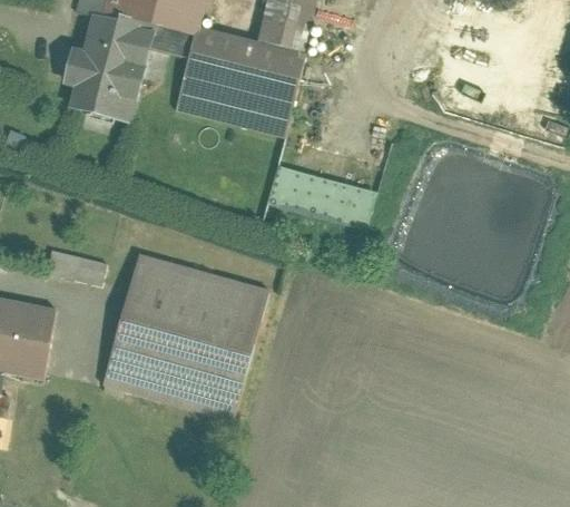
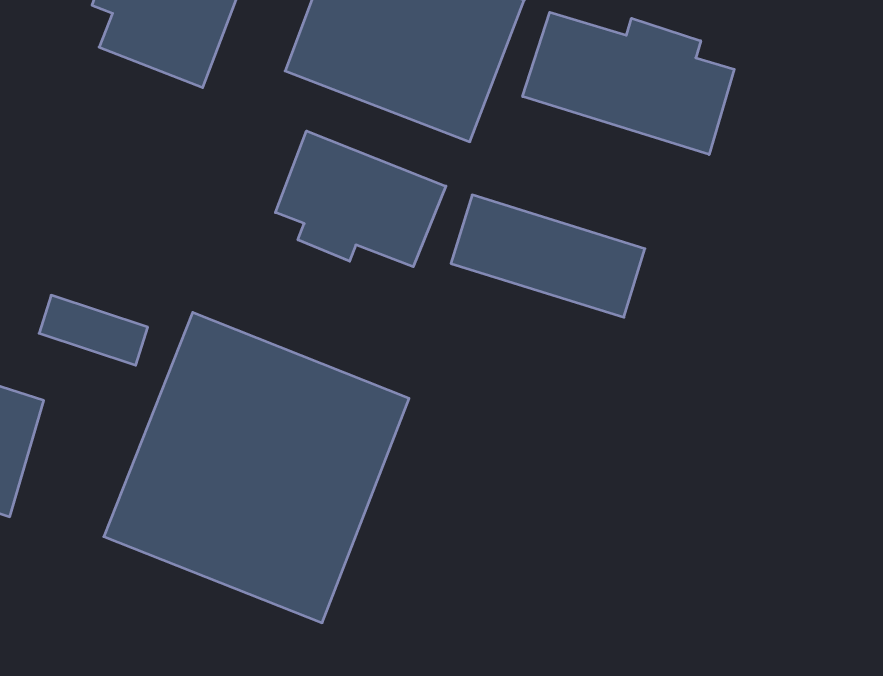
building: none -> [523,12,734,155]
building: none -> [275,131,446,267]

